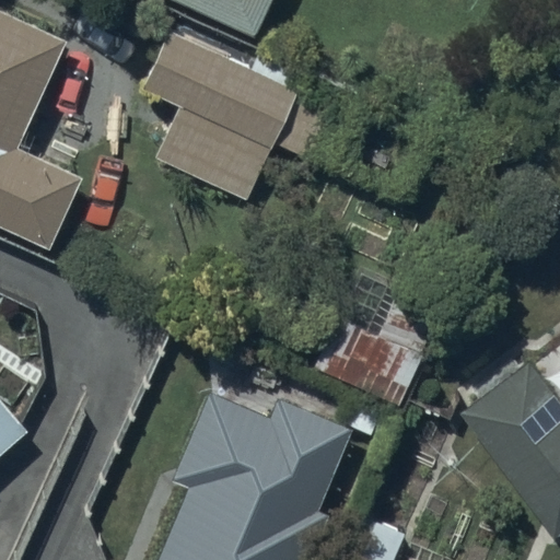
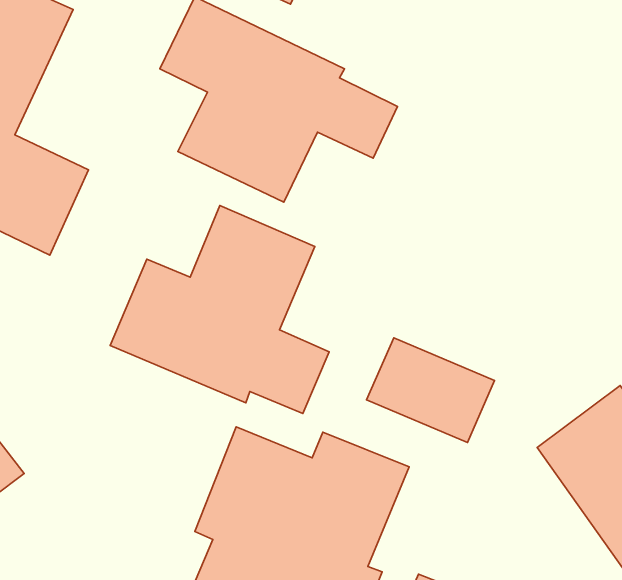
building: none -> [110,205,329,413]

